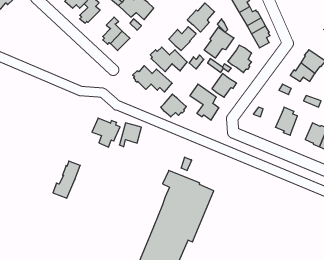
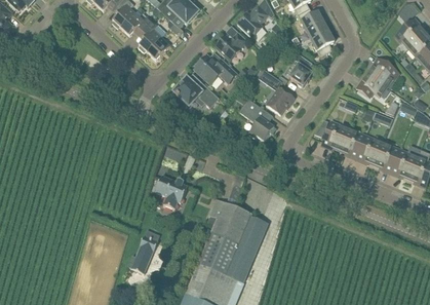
building: none -> [121,6,152,35]
building: [204,27,234,58] -> none
building: [161,94,186,117] -> none
building: none -> [322,122,348,149]
building: none -> [357,136,383,163]
building: [92,118,120,147] -> [155,176,188,209]
building: [53,161,80,198] -> [128,229,160,272]

